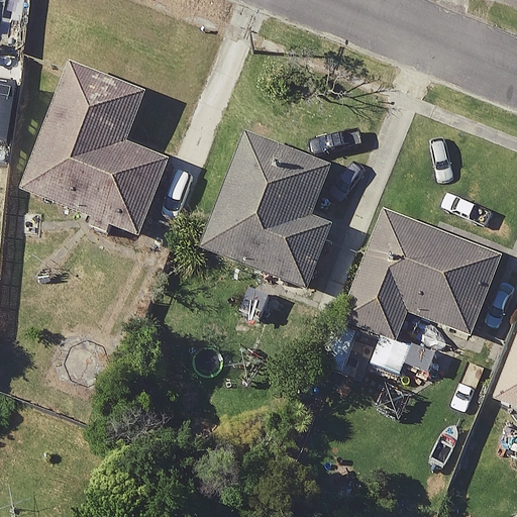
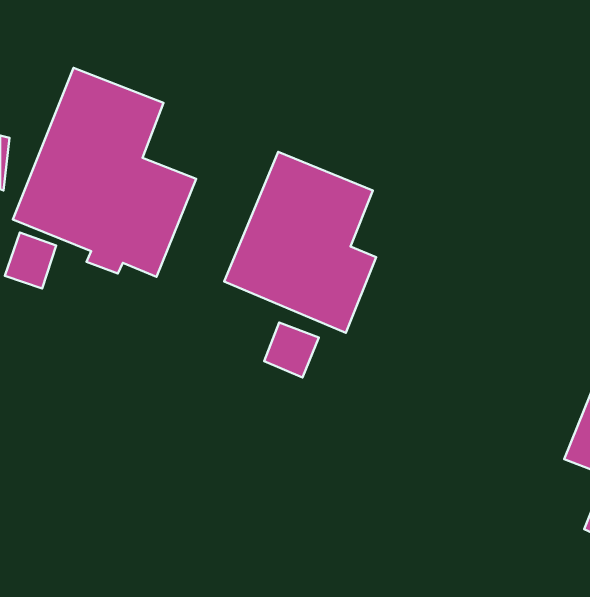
building: [341,206,502,381] -> none

